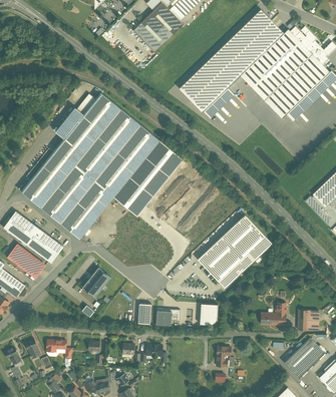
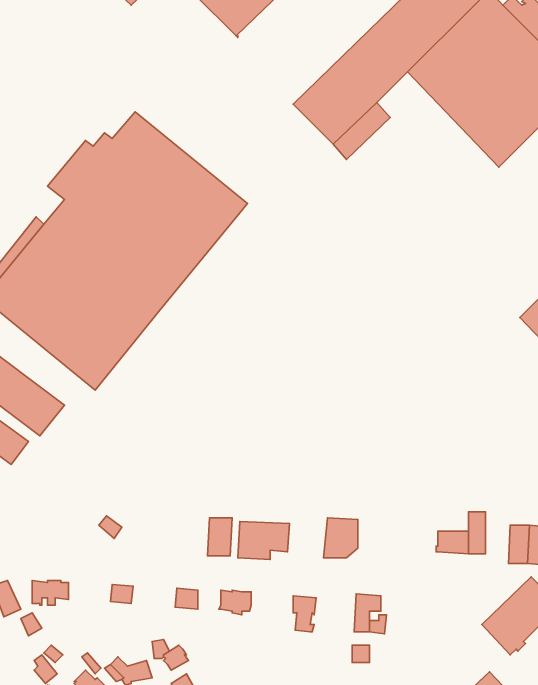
building: [113,140,183,216] -> none
building: [197,214,272,288] -> none
building: [81,267,110,298] -> none

